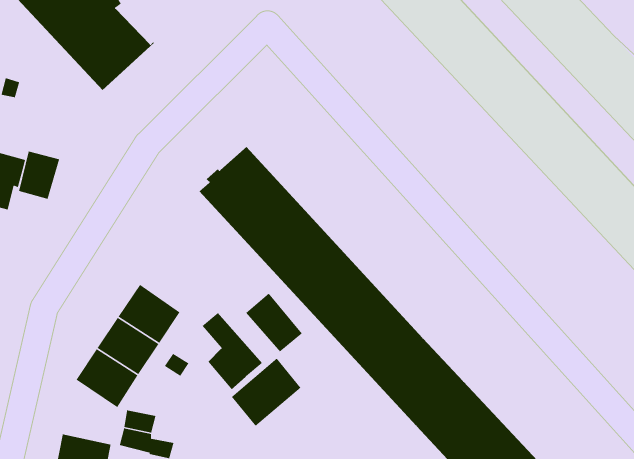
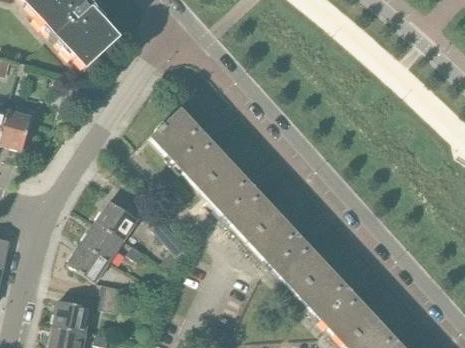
building: [18,151,60,200] -> none
building: [245,292,303,353] -> none
building: [231,358,301,427] -> none

